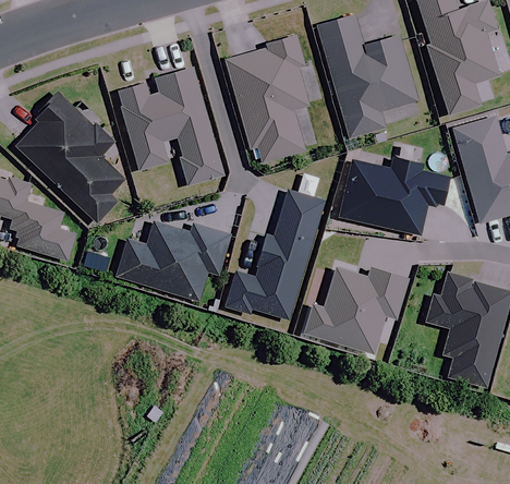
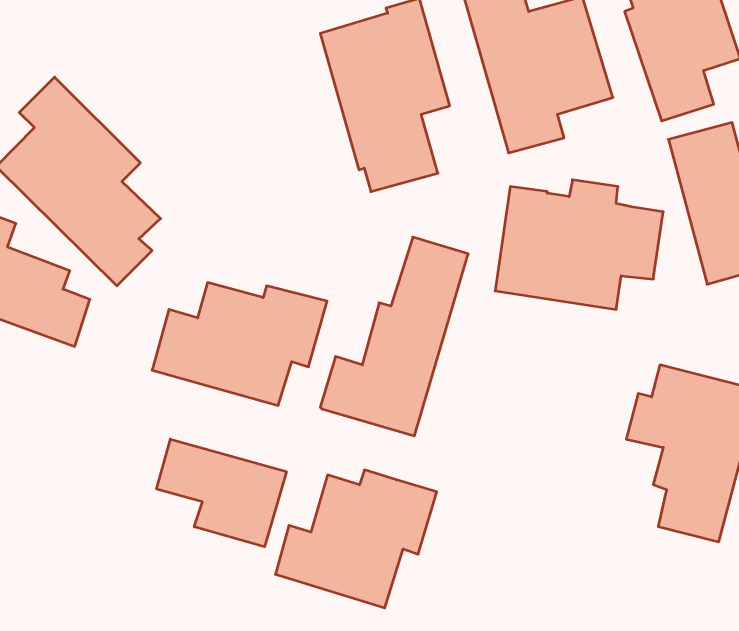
building: [117,68,223,185] -> none
building: [303,264,408,353] -> [275,470,437,608]
building: none -> [157,439,286,547]

